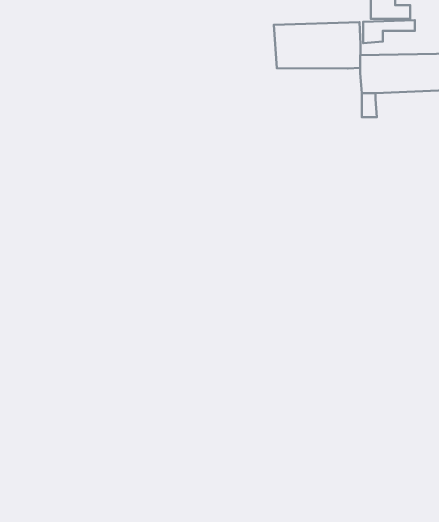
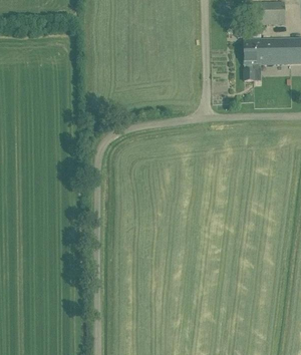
building: [274,22,360,68] -> none

